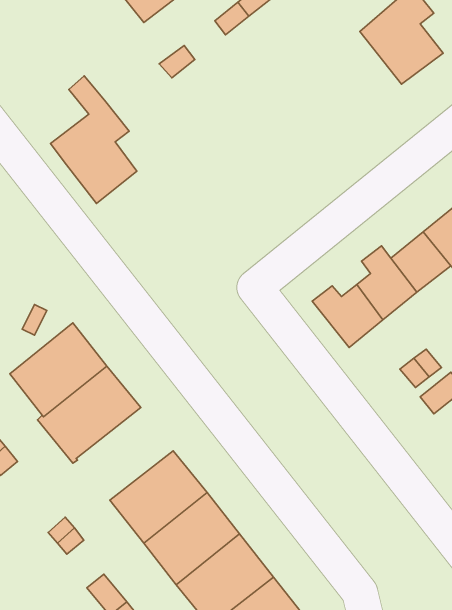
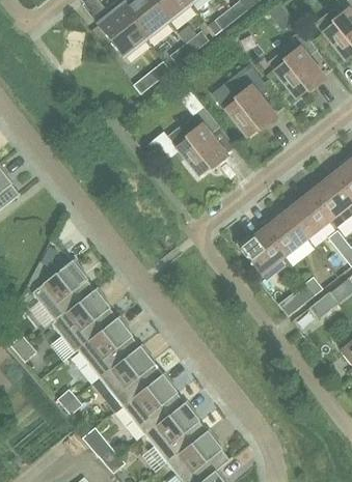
building: none -> [215,67,273,137]
building: [50,76,137,204] -> [166,89,224,175]
building: none -> [76,315,141,377]

